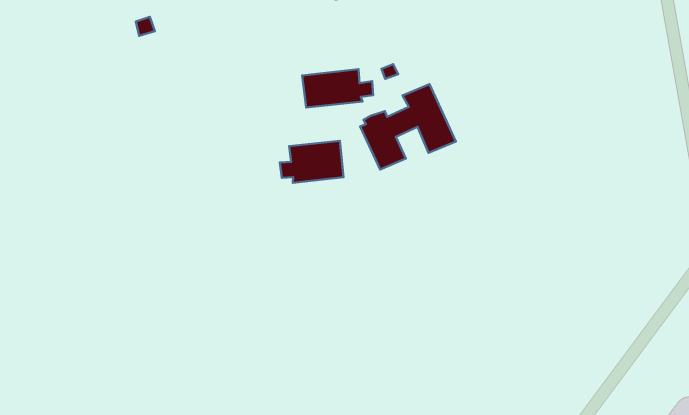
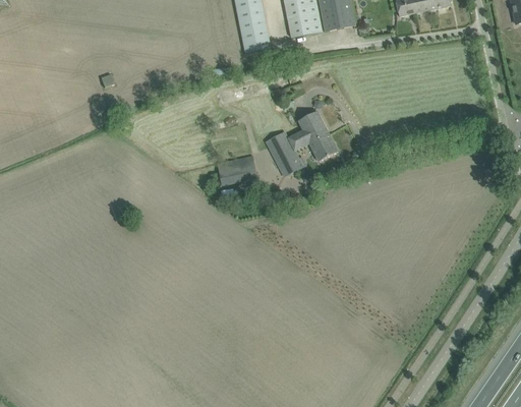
building: [302,69,373,108] -> none

